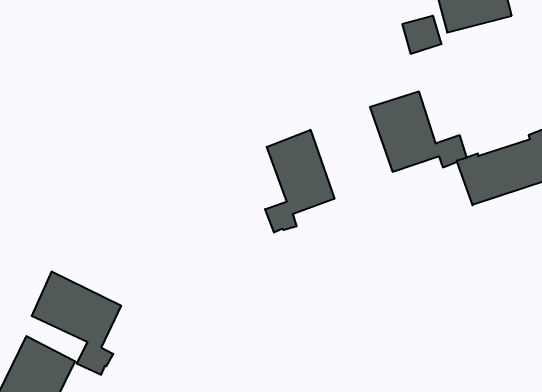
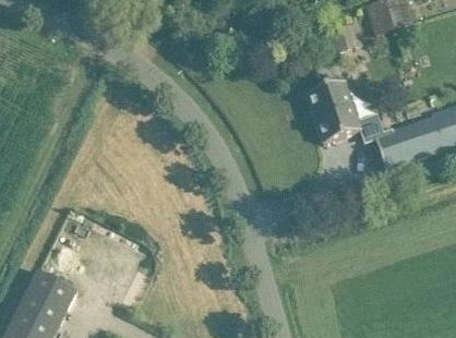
building: [265,130,334,233] -> none
building: [32,271,121,375] -> none

